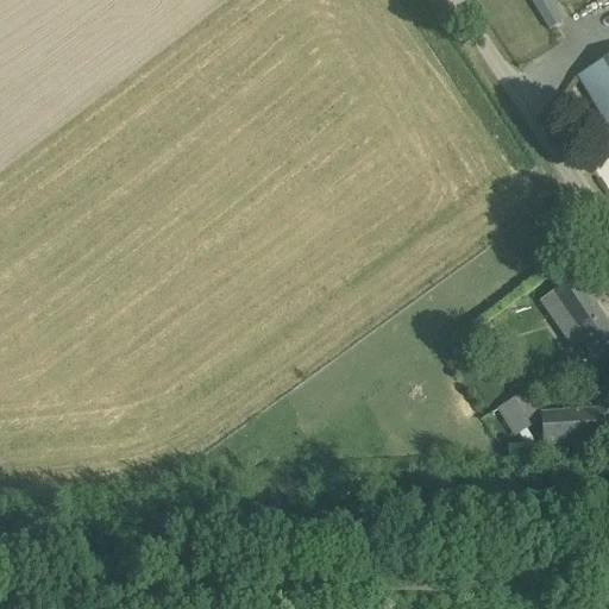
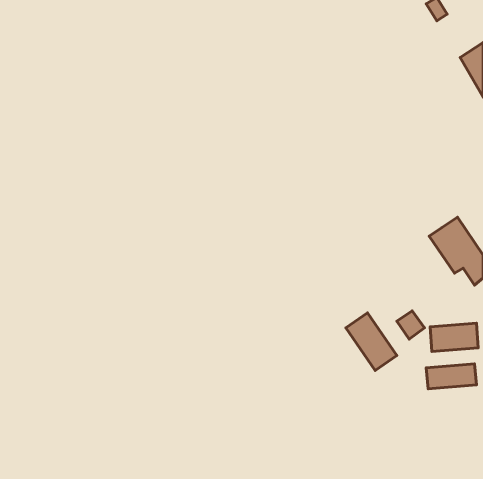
building: none -> [346,313,397,370]
building: none -> [426,364,476,389]

